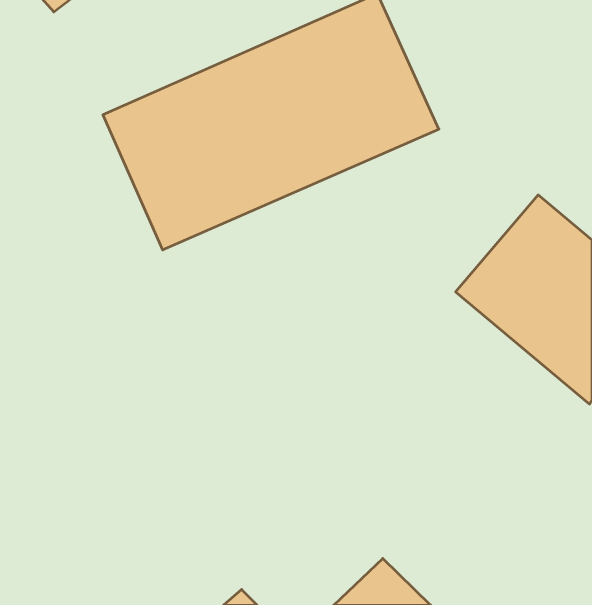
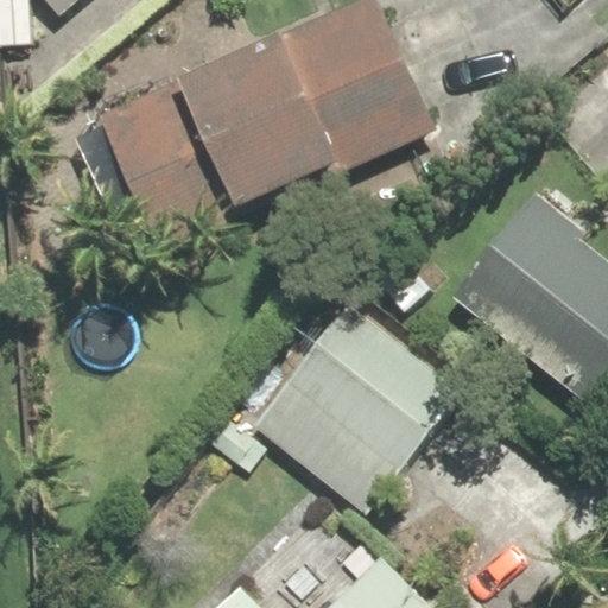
building: none -> [249,300,461,513]

